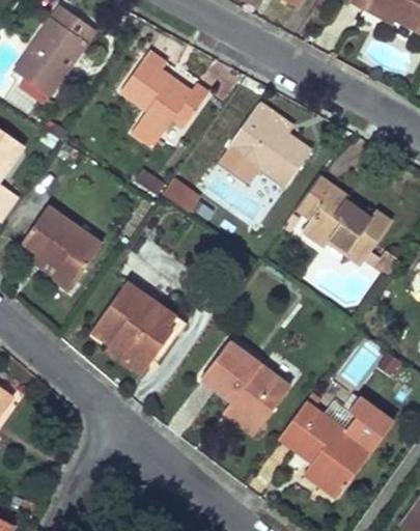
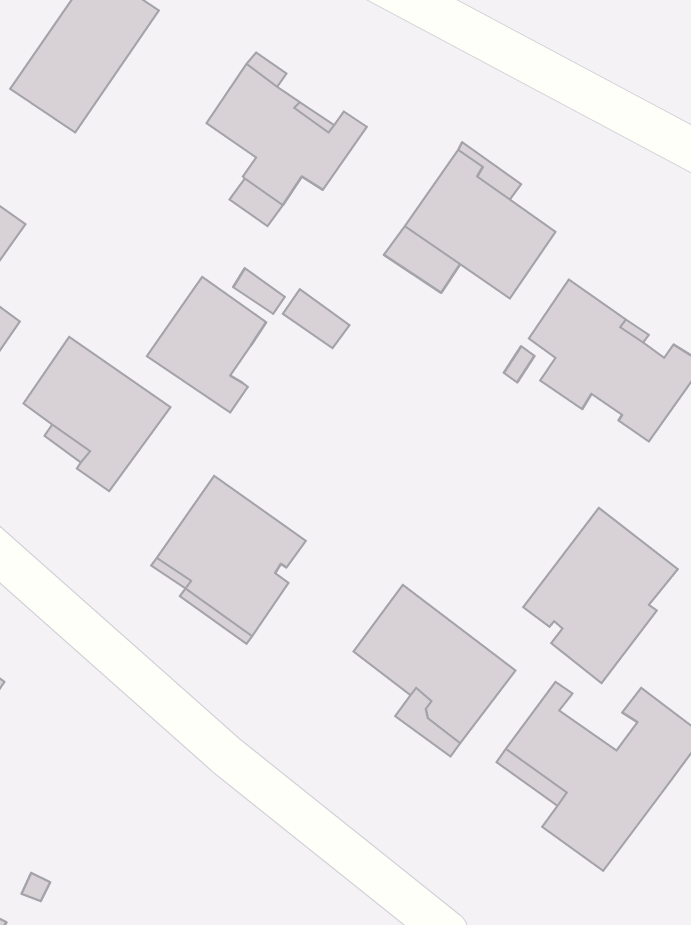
building: none -> [147,277,266,412]
building: none -> [523,508,678,683]

